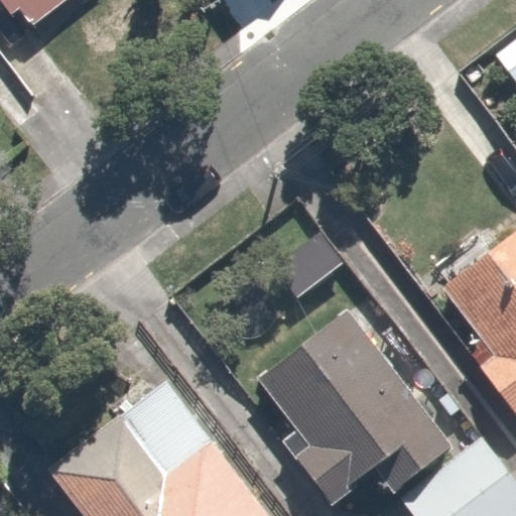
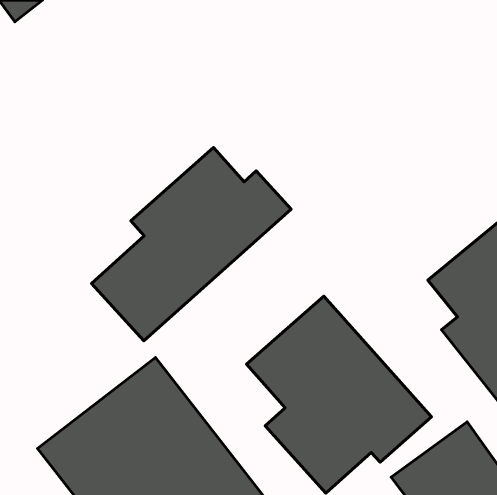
building: none -> [91,147,291,341]

